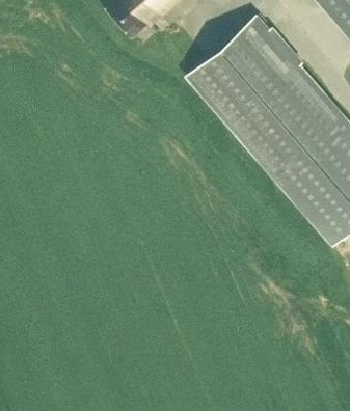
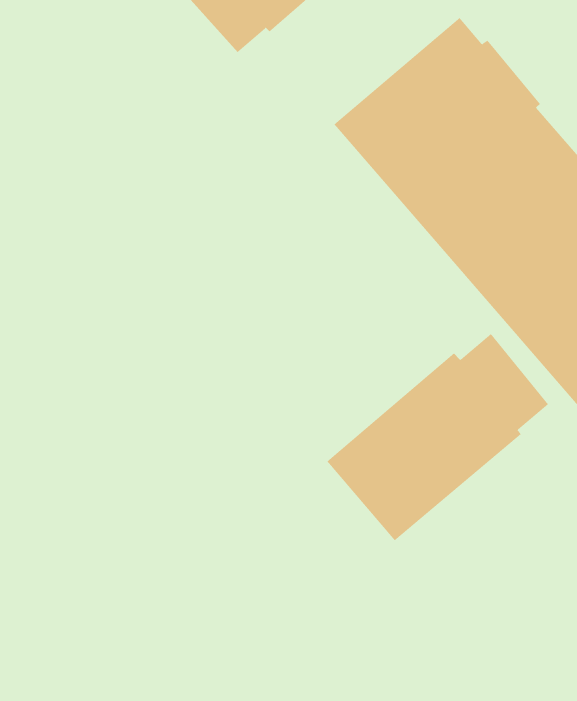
building: none -> [327,333,549,541]

